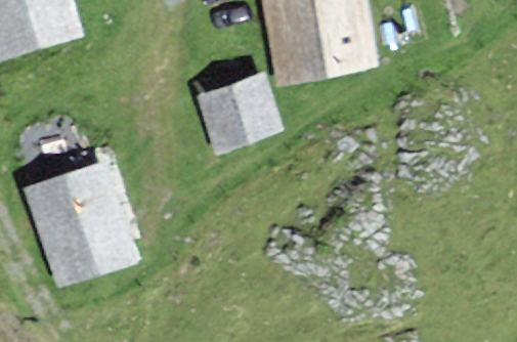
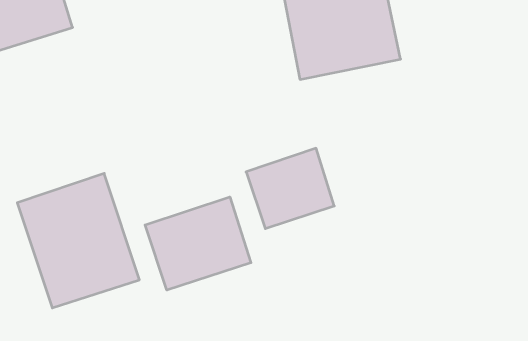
building: [200,75,279,147] -> [246,148,334,229]
building: none -> [145,197,251,290]

